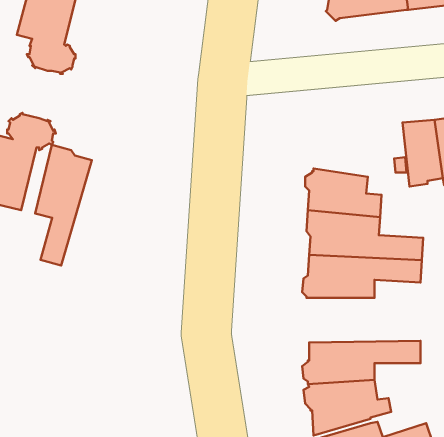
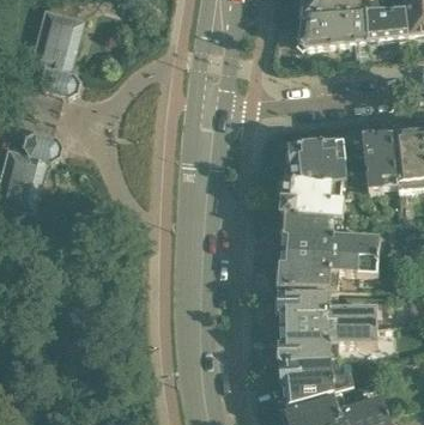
building: none -> [284,138,346,182]
building: [35,145,92,266] -> none
building: none -> [275,291,377,324]

